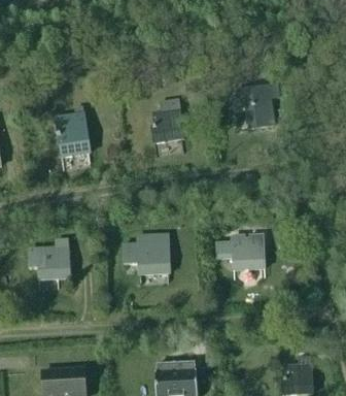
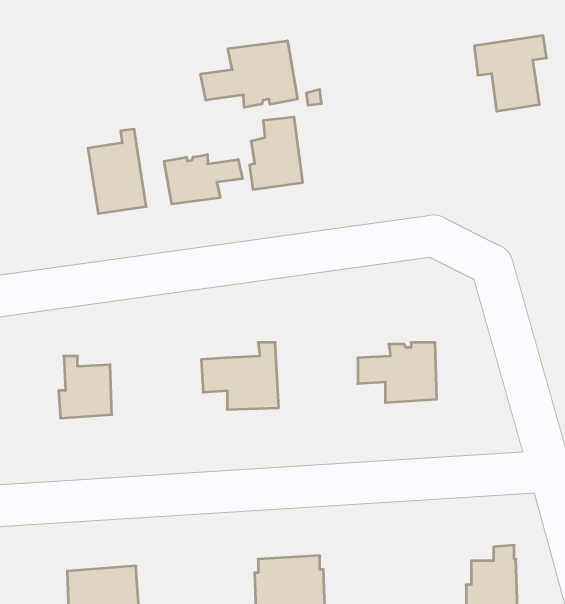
building: none -> [201,41,297,107]
building: [235,82,278,128] -> [474,36,547,111]
building: none -> [164,154,242,204]

